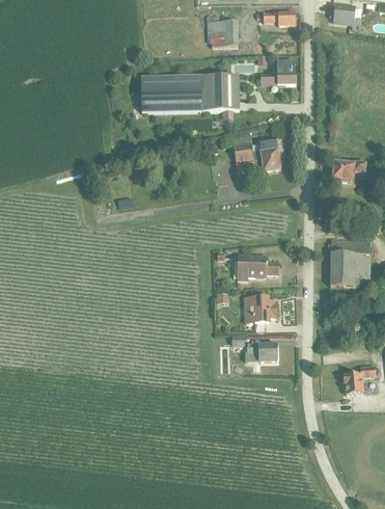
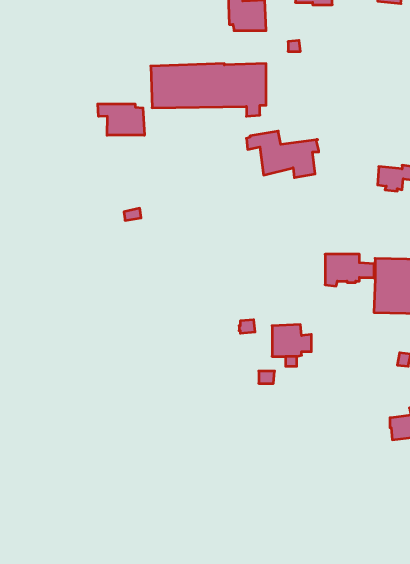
building: [260,61,296,84] -> none
building: none -> [98,104,144,135]
building: [238,254,279,282] -> [325,254,374,286]
building: [245,344,277,361] -> none

